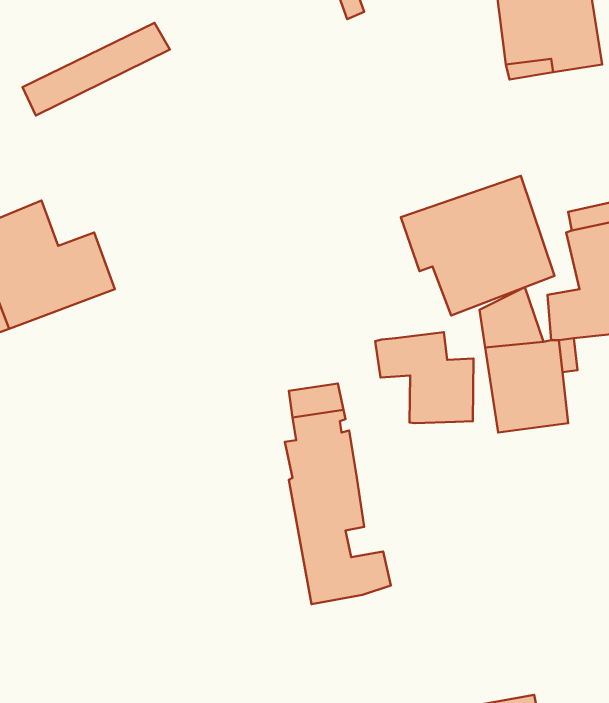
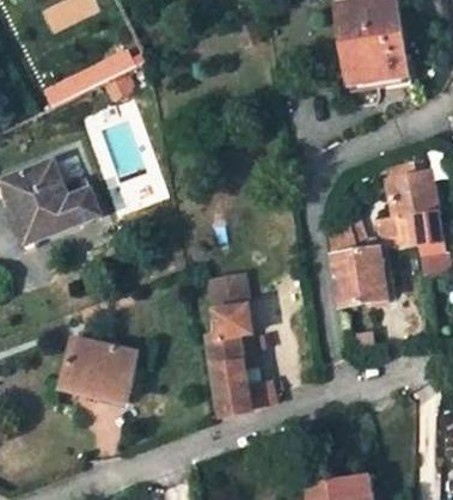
building: [401,176,554,315] -> none
building: [375,332,473,423] -> none
building: none -> [63,341,135,404]

